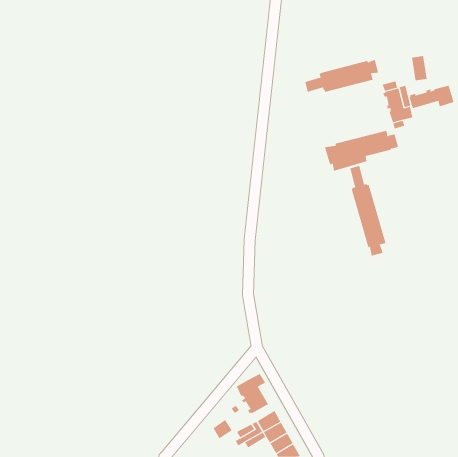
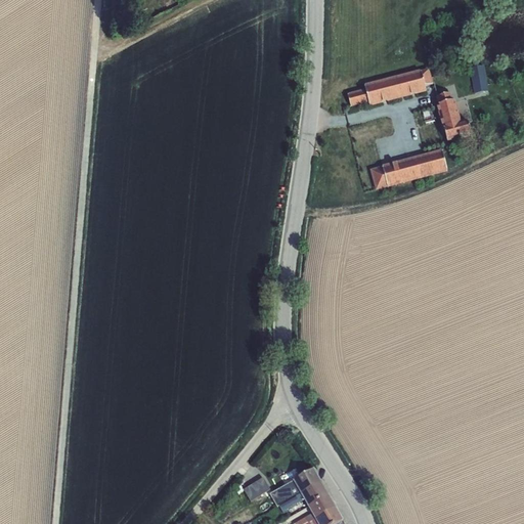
building: [409,85,454,109] -> none
building: [350,165,386,257] -> none
building: [236,373,269,414] -> none

